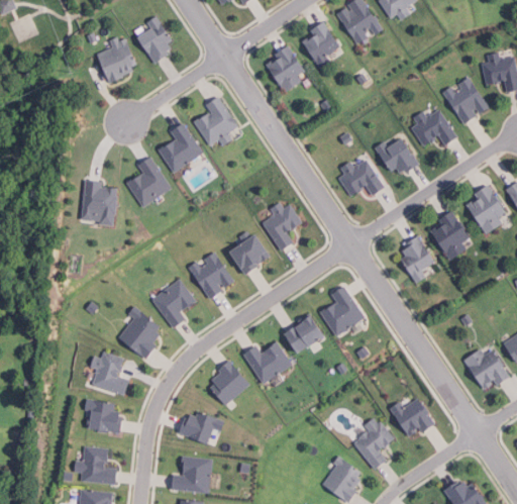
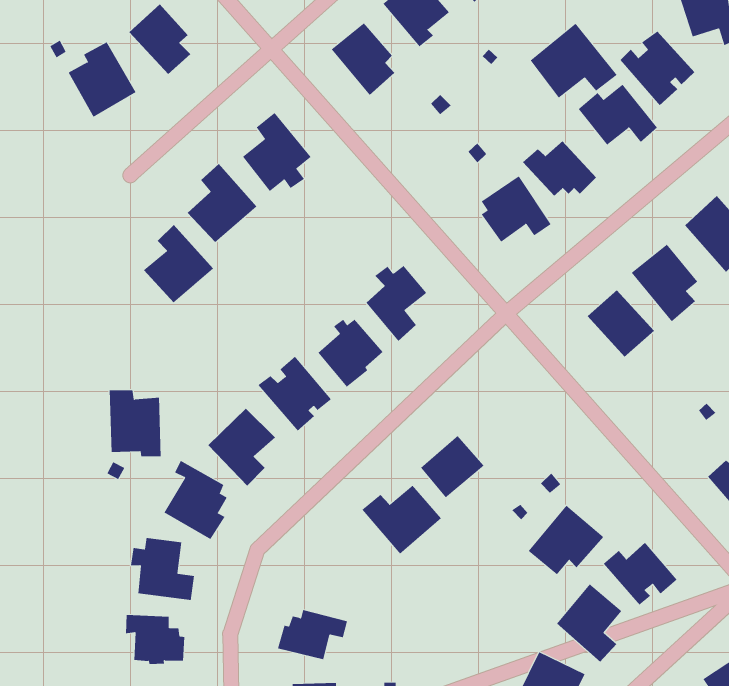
building: none -> [530,23,618,99]
building: [80,181,115,227] -> [109,390,162,457]
building: [320,285,363,334] -> none
building: [209,359,249,405] -> none
building: none -> [528,505,604,575]

